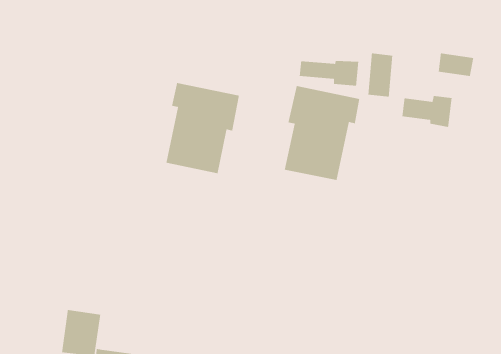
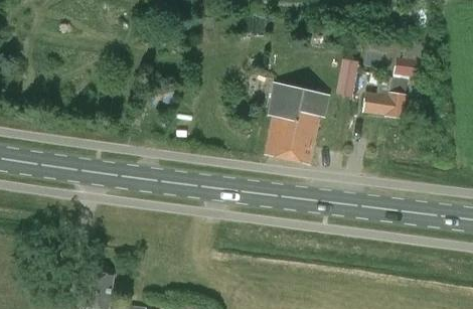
building: [299,60,359,87] -> none
building: [166,82,240,174] -> none

